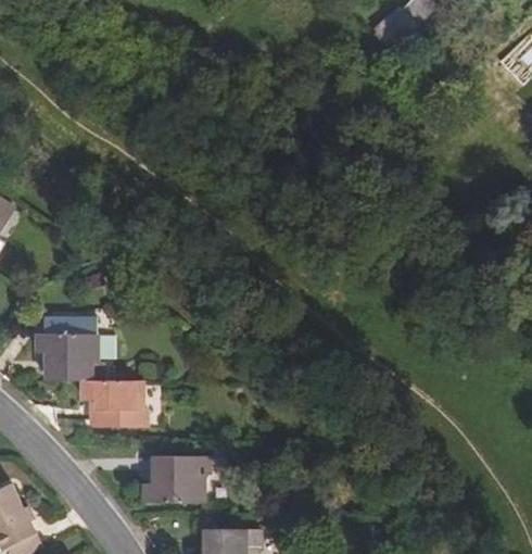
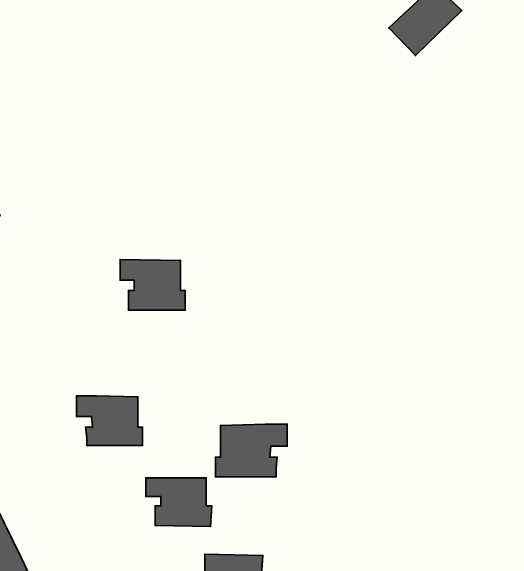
building: [41,331,102,379] -> [120,259,185,310]
building: none -> [216,424,287,477]

